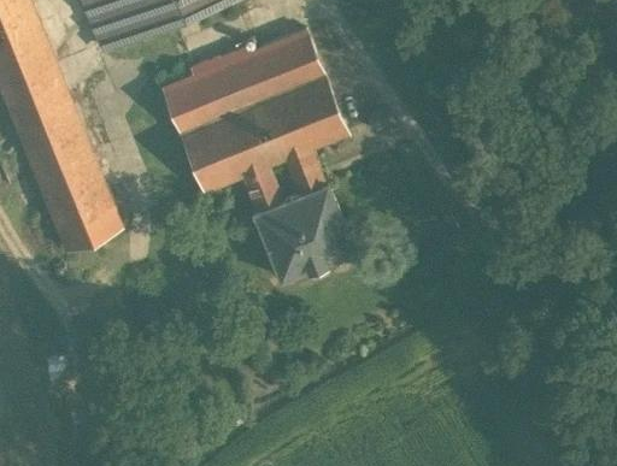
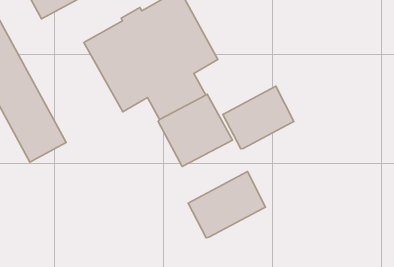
building: none -> [223,86,294,149]
building: none -> [188,172,265,238]

